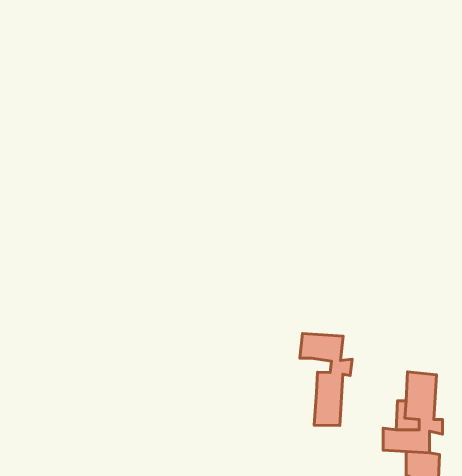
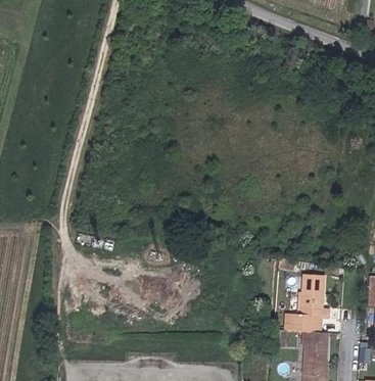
building: [300,334,352,425] -> none

